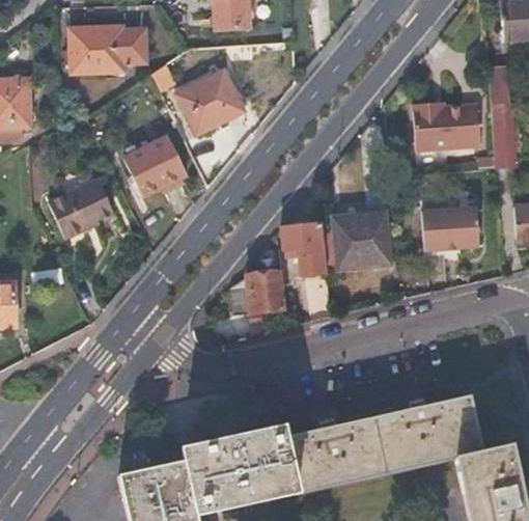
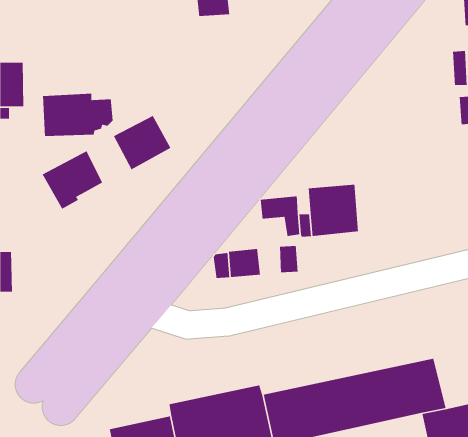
building: [67,22,144,70] -> [42,93,113,137]
building: [176,68,243,134] -> none
building: [413,101,480,150] -> none
building: [421,207,479,251] -> none

